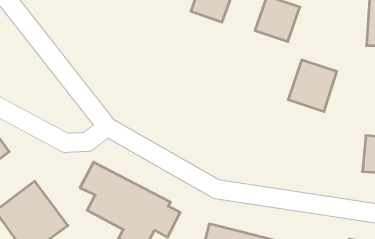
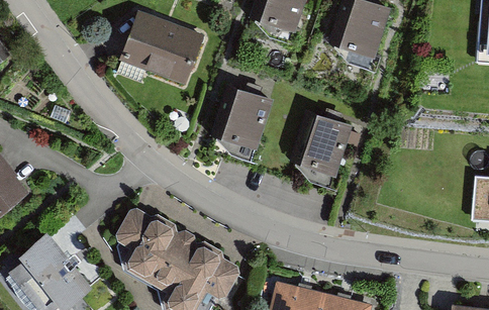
building: none -> [118,14,205,86]
building: [288,60,337,112] -> [290,108,352,173]
building: none -> [218,90,271,152]

